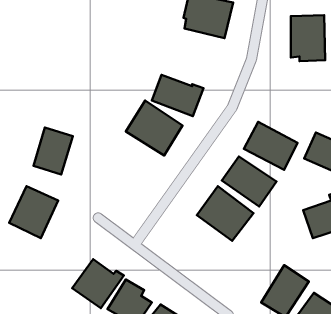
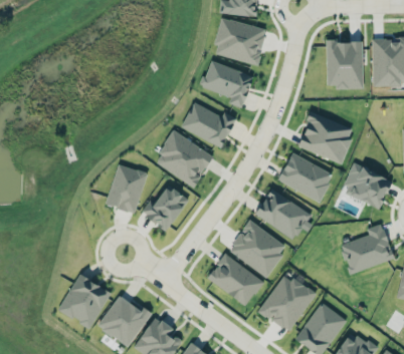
building: none -> [201,61,253,108]
building: none -> [297,112,352,163]
building: [33,128,73,175] -> [106,164,147,214]
building: none -> [141,186,188,231]
building: [9,186,58,238] -> [58,275,110,329]
building: none -> [207,254,263,306]
building: none -> [258,273,316,332]

